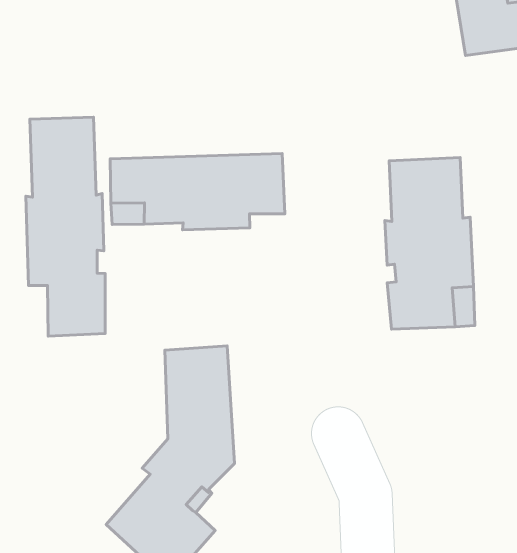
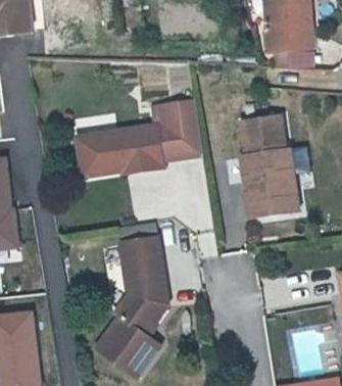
building: none -> [160,99,202,157]
building: [26,117,105,336] -> none

